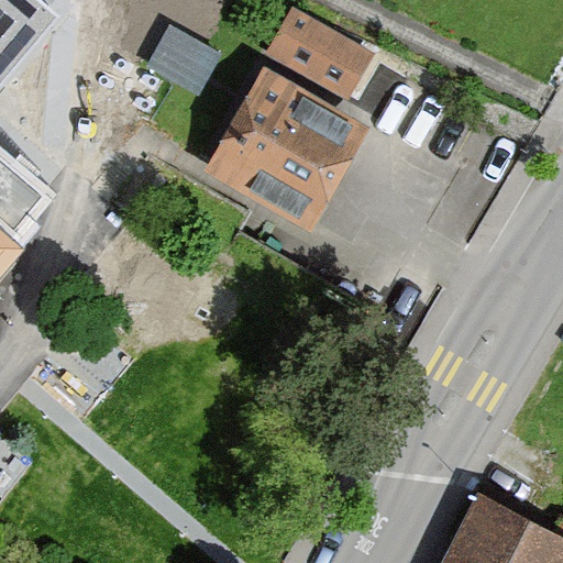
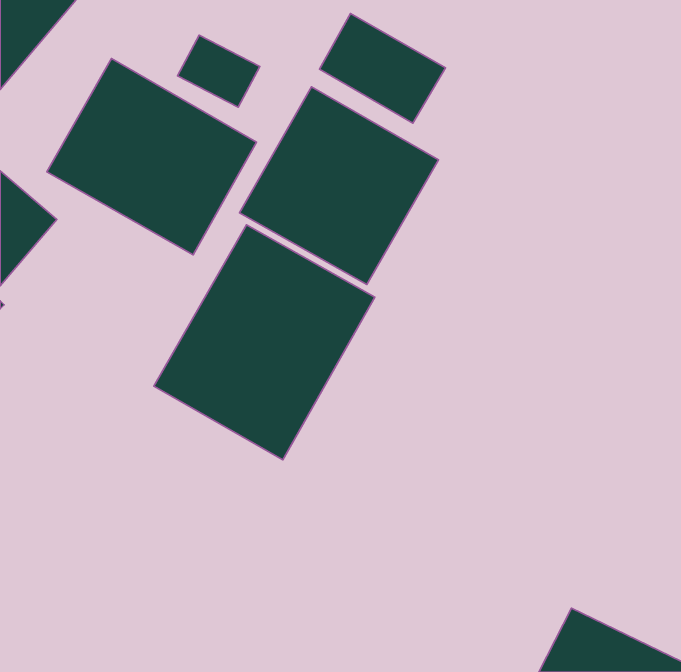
building: none -> [47,59,257,255]
building: none -> [154,225,375,460]

